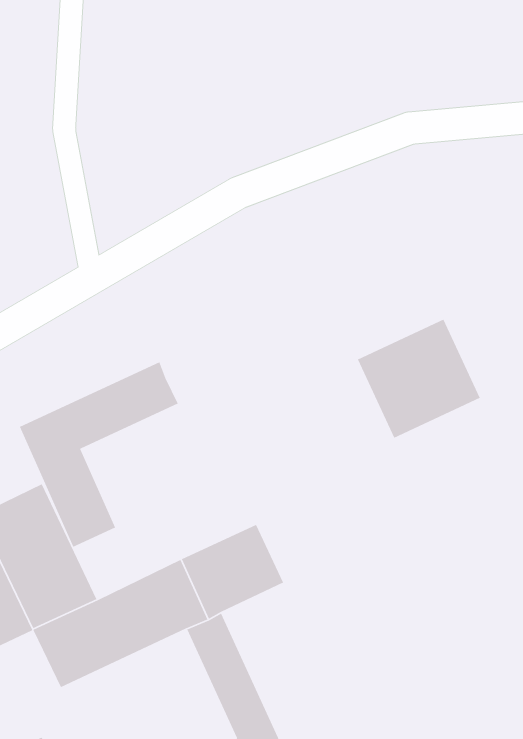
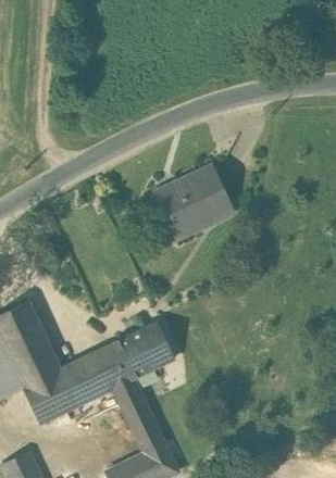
building: [357,319,481,439] -> [159,167,232,238]
building: [19,361,179,548] -> none

